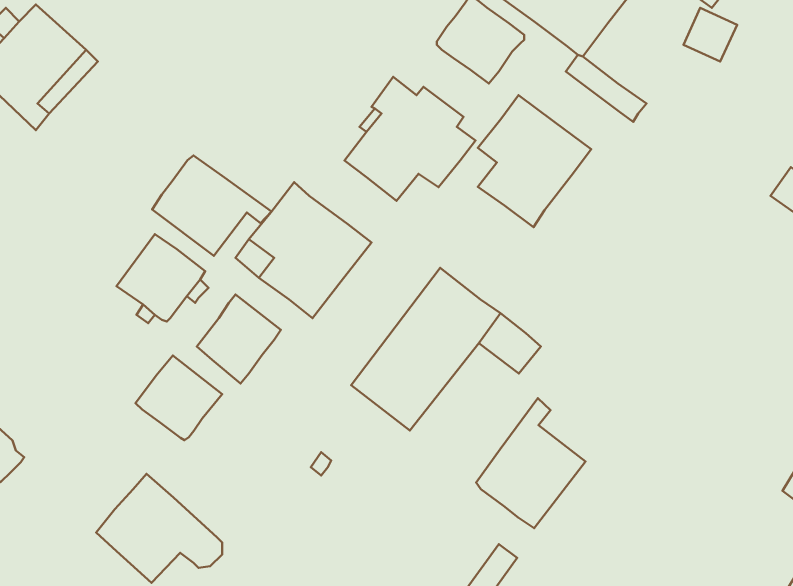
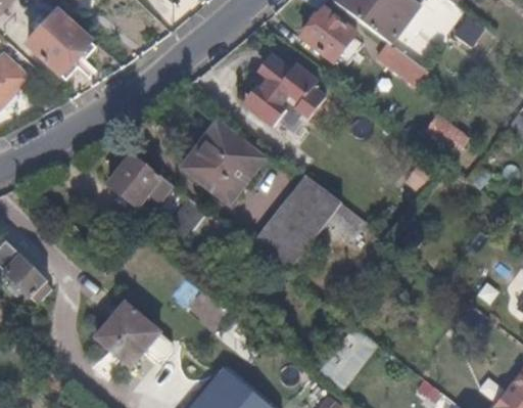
building: [478,95,591,227] -> none
building: [152,156,272,256] -> none
building: none -> [421,112,469,156]
building: [135,356,222,440] -> none
building: [476,398,585,528] -> none

